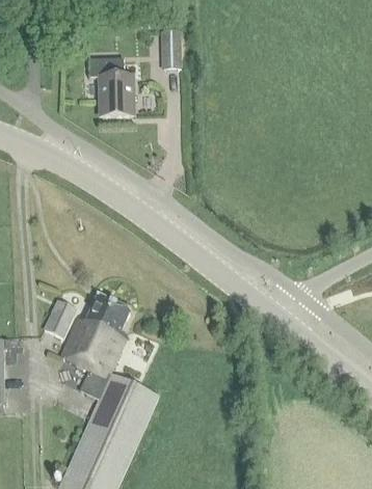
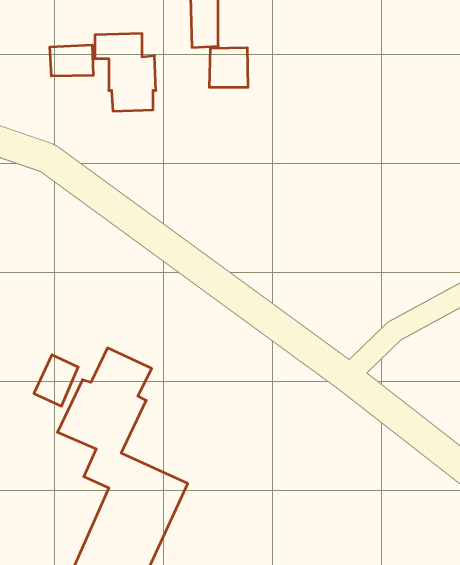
building: none -> [50,45,93,76]
building: none -> [209,48,248,87]

